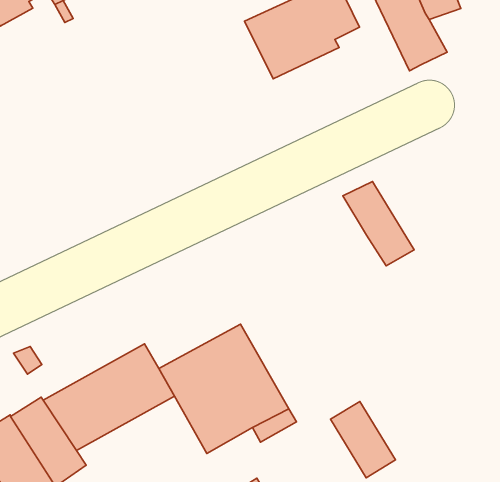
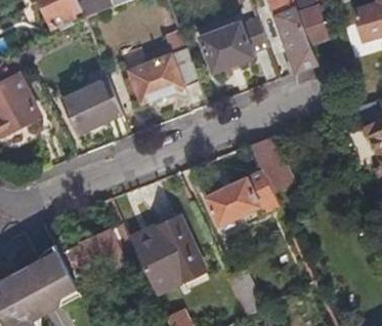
building: none -> [128,47,197,101]
building: none -> [61,77,122,133]
building: none -> [204,169,274,225]

